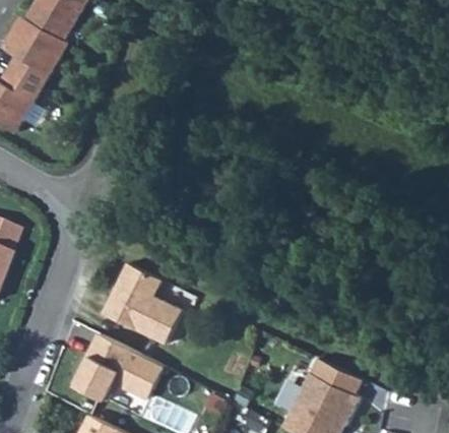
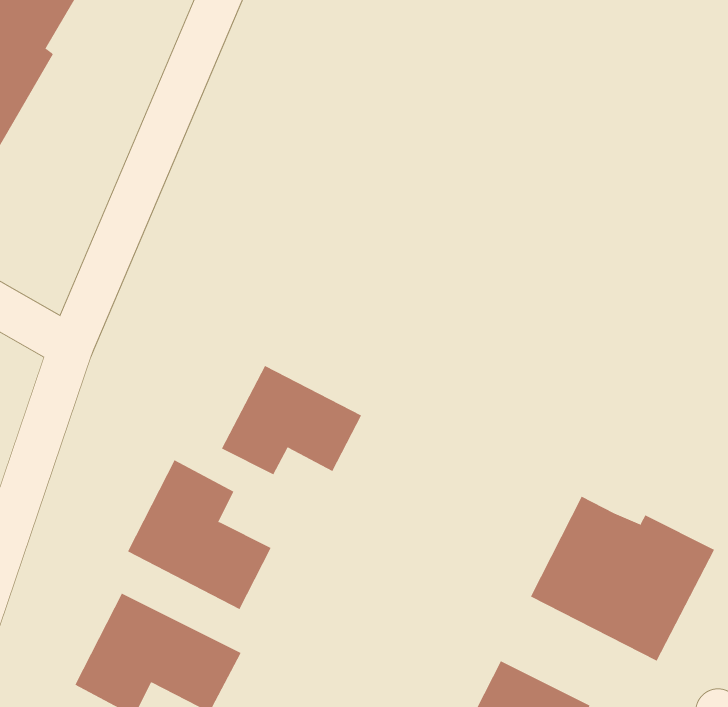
building: none -> [221,365,362,475]
building: none -> [530,496,715,662]

